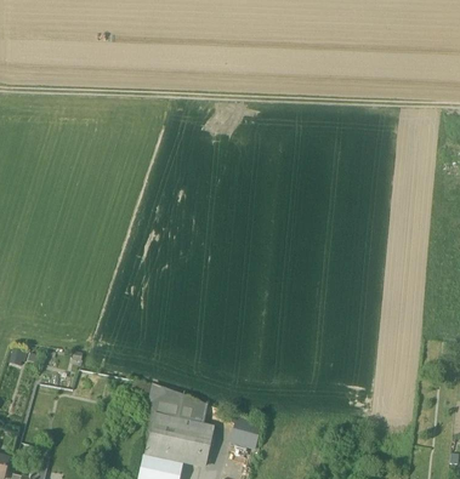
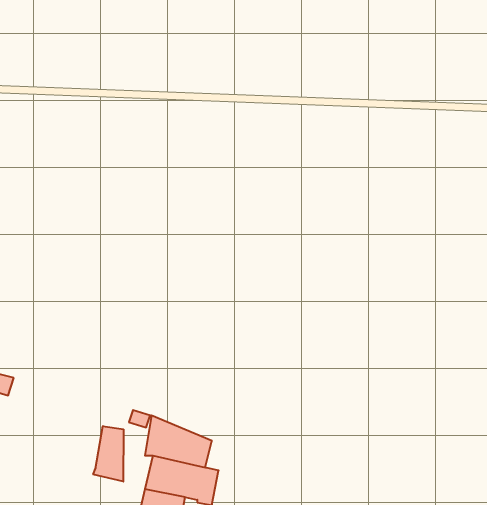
building: none -> [93,426,123,482]
building: [228,417,261,449] -> none

